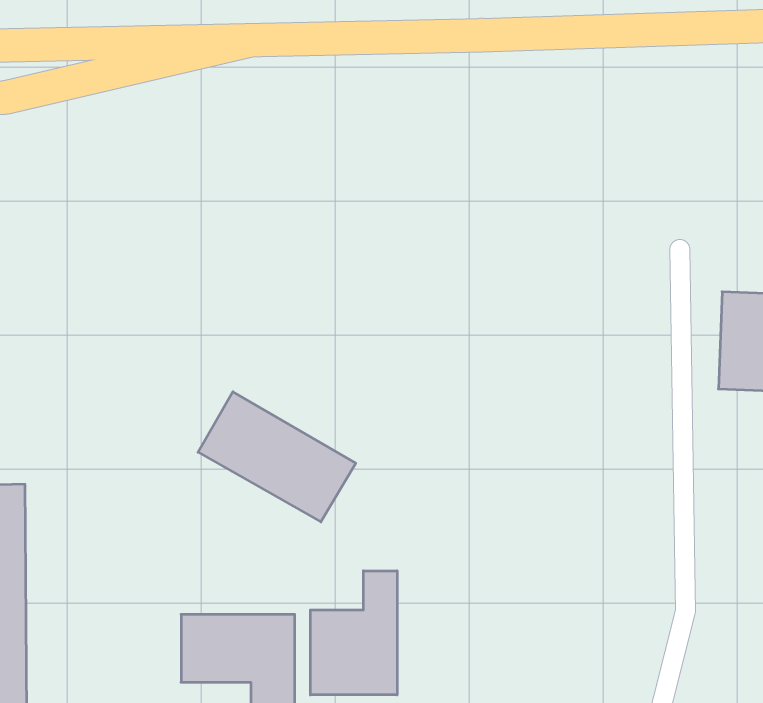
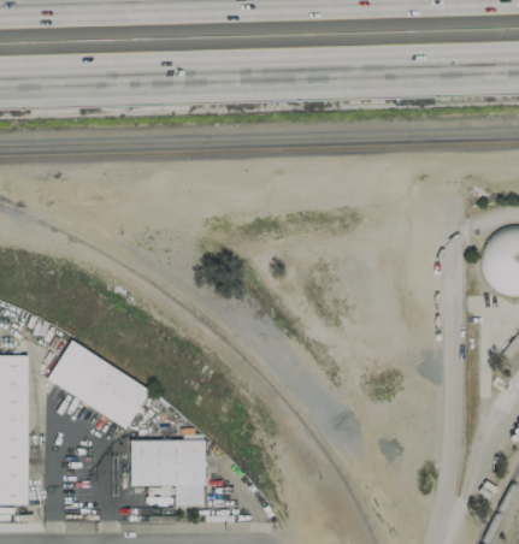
building: [198,392,356,522] -> [47,342,151,427]
building: [310,571,397,695] -> none

